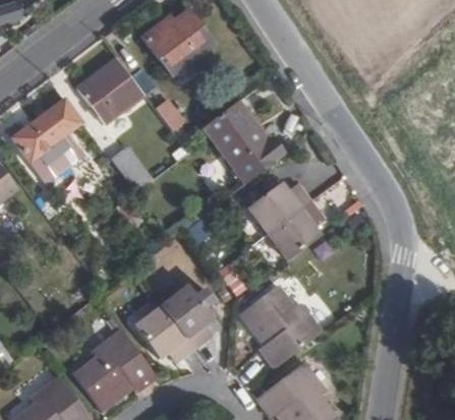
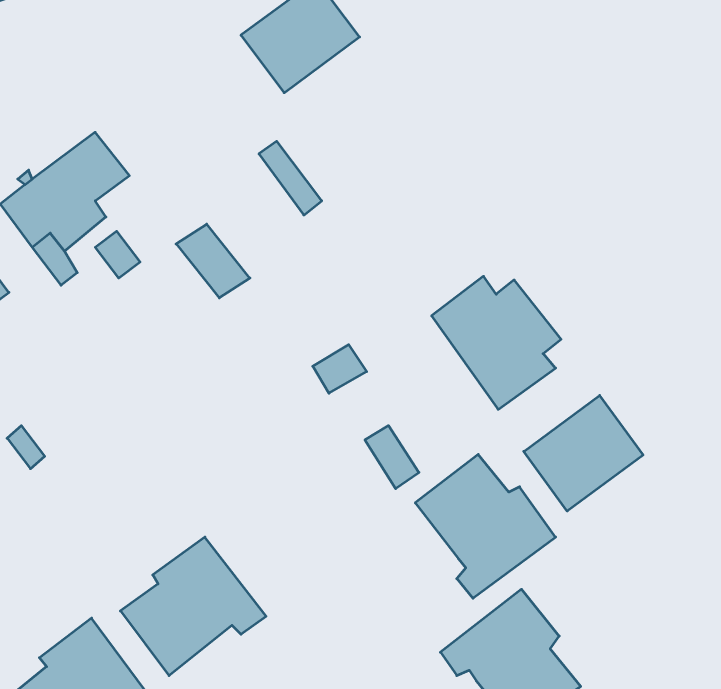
building: [76,61,144,126] -> none
building: [200,105,278,186] -> none
building: none -> [524,395,643,511]
building: [136,284,213,359] -> none

